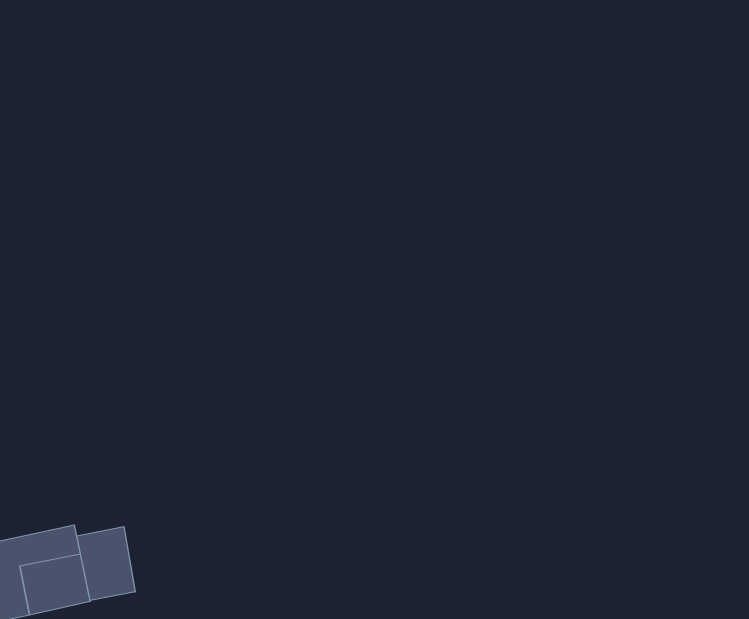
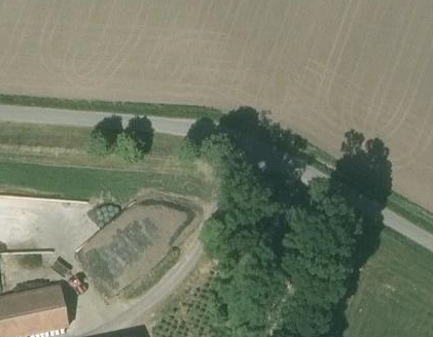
building: [77,527,135,600] -> none

